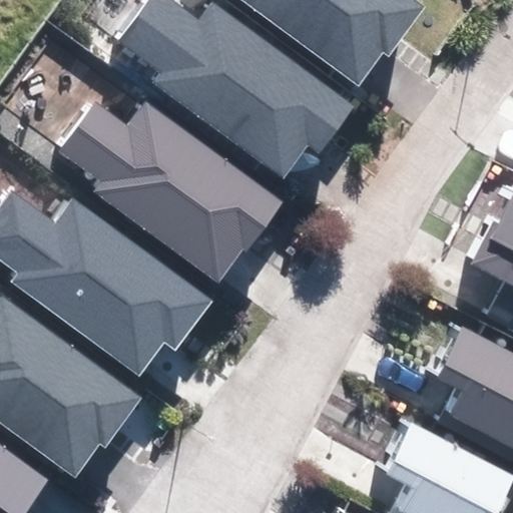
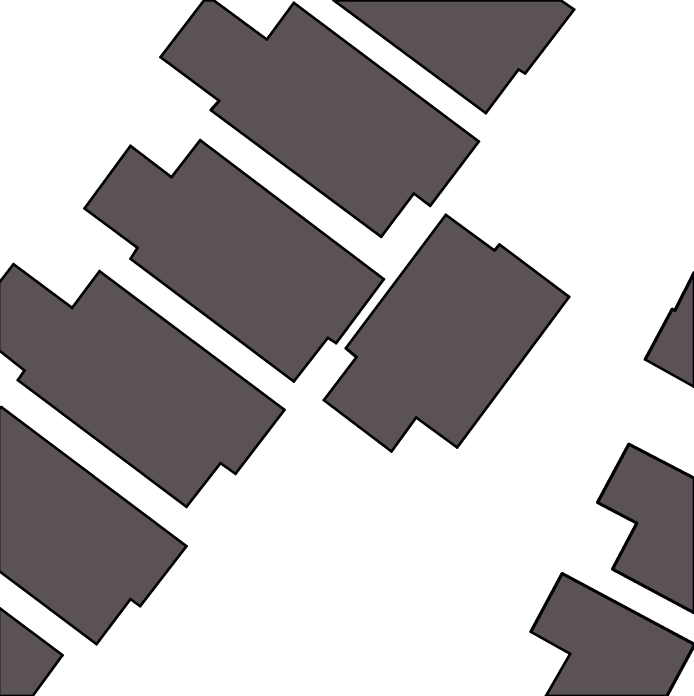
building: none -> [324,215,569,452]

